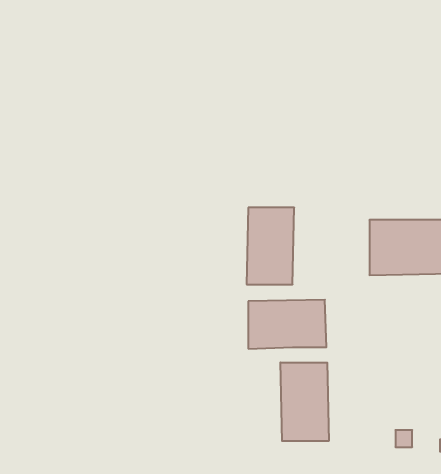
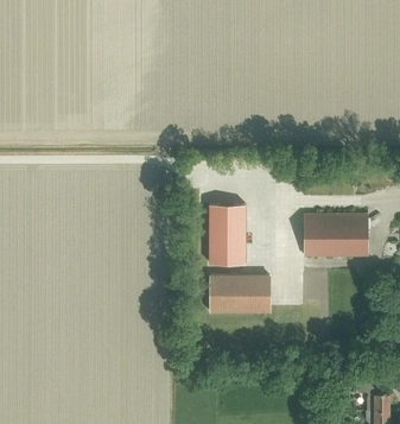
building: [280,362,329,441] -> none

